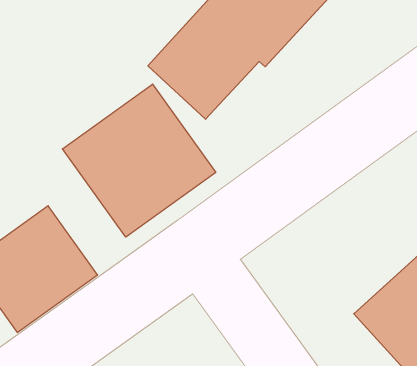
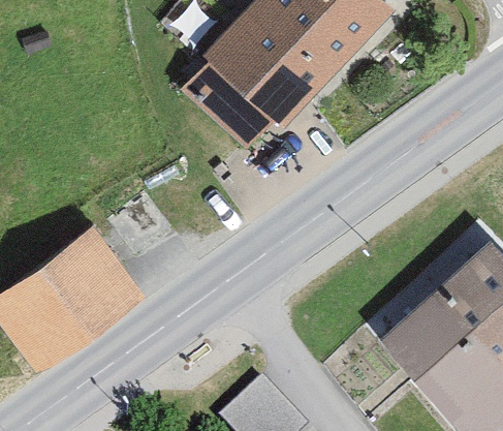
building: [62,84,216,237] -> none

